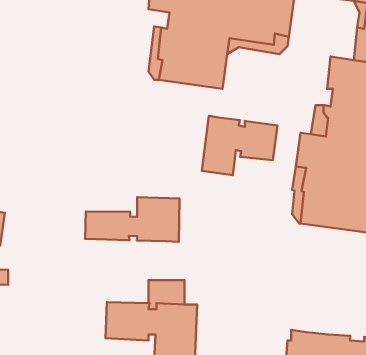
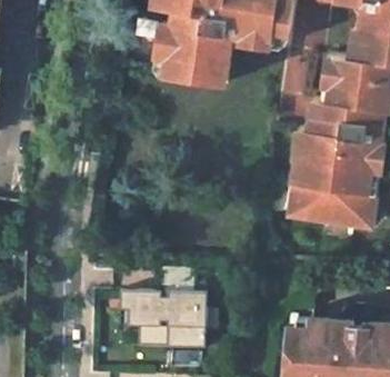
building: [202,116,278,175] -> none
building: [85,197,179,242] -> none

